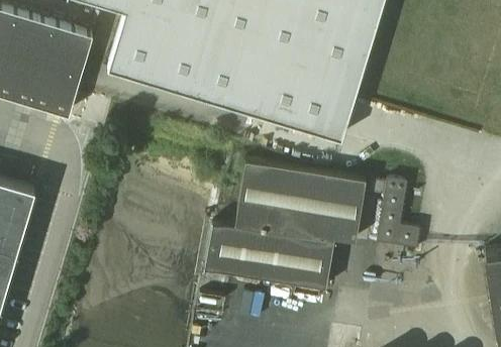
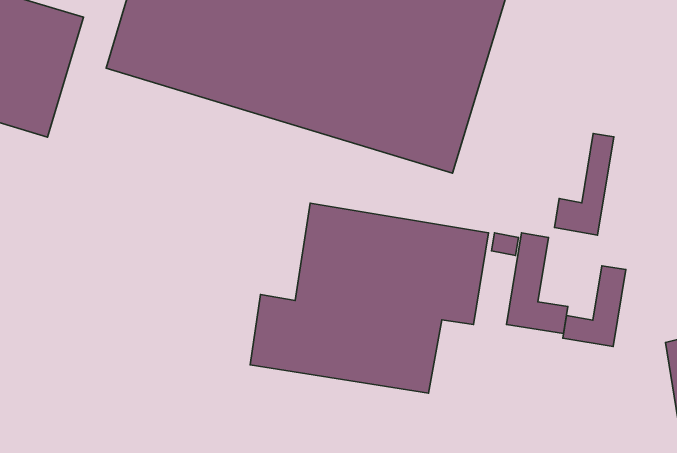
building: none -> [555,134,614,235]
building: none -> [563,266,626,347]

